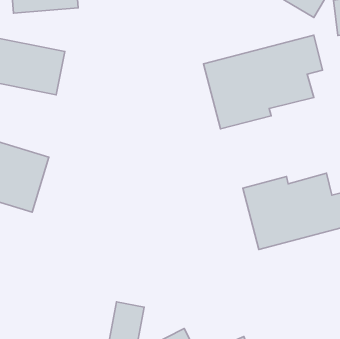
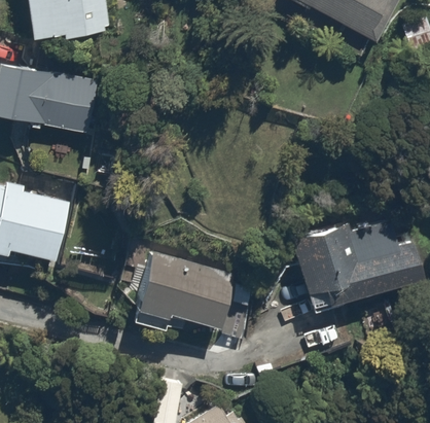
building: [204,35,323,129] -> none
building: none -> [119,244,258,343]

